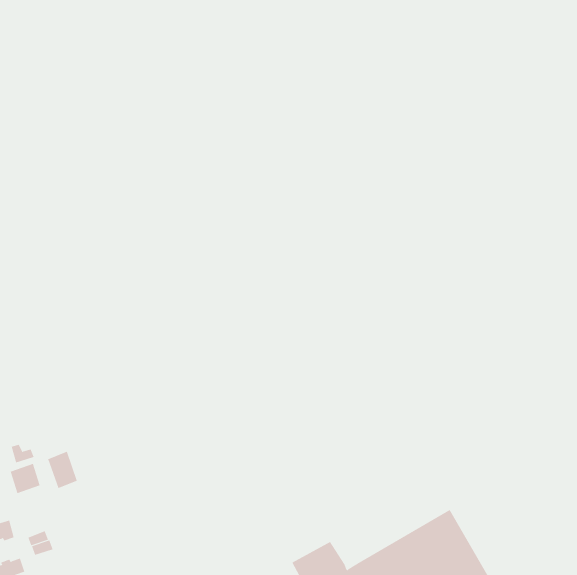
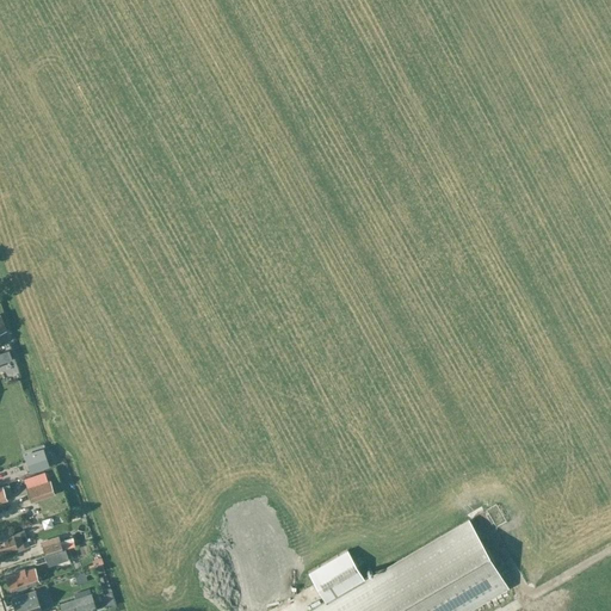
building: [47,451,78,489] -> none

